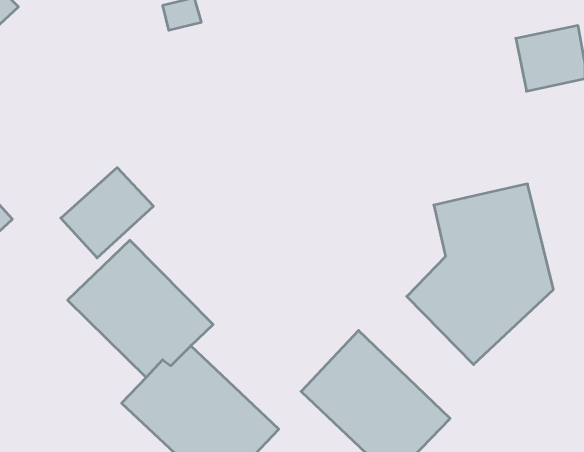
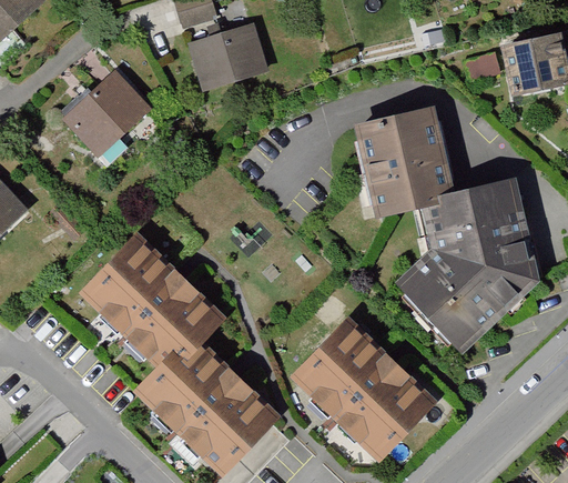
building: none -> [192,26,266,87]
building: none -> [355,107,453,213]
building: [61,168,153,258] -> [62,72,150,158]

